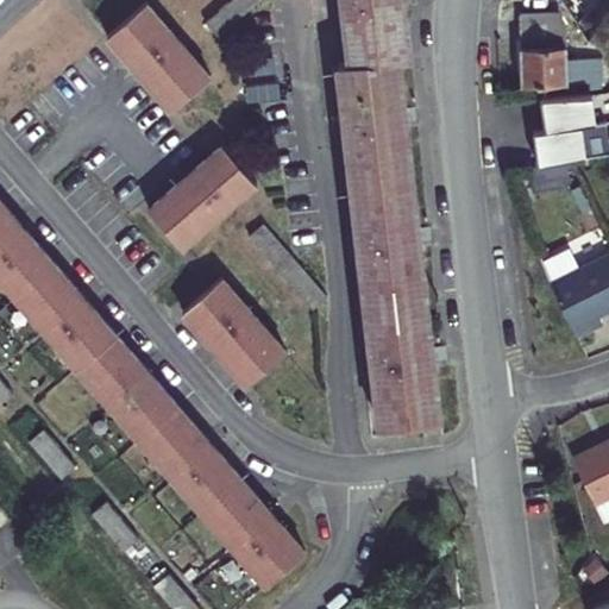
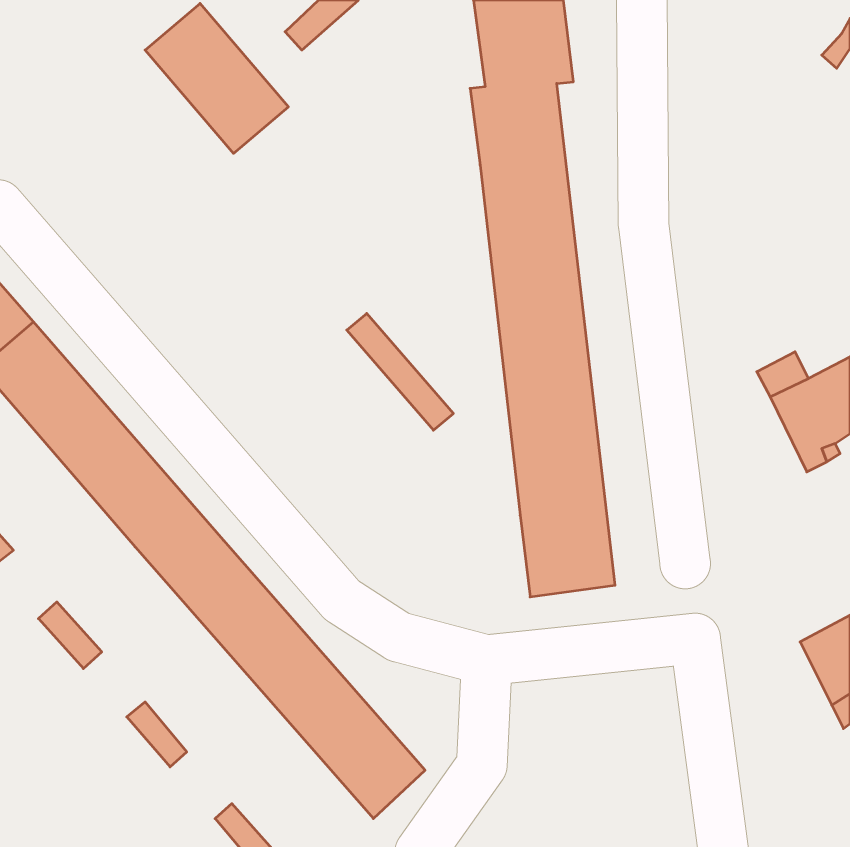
building: [517,17,602,92] -> none
building: [532,99,592,169] -> none
building: [146,147,253,250] -> none
building: [182,280,283,385] -> none

